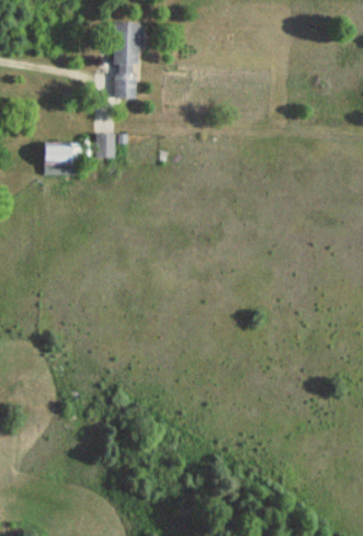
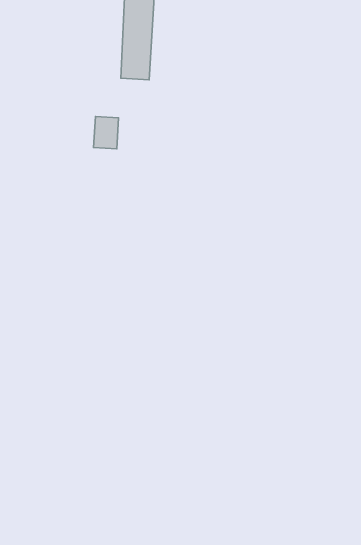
building: [39,142,82,163] -> none

